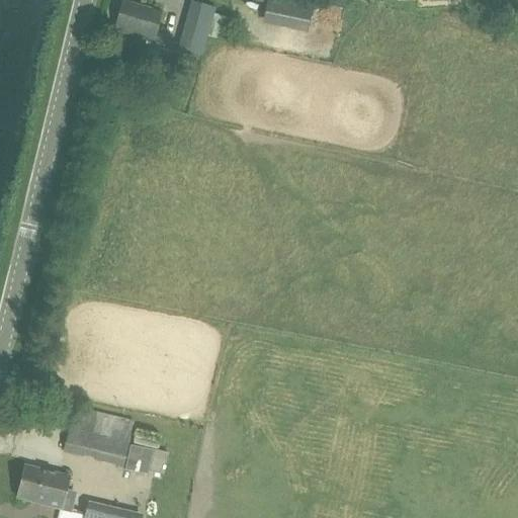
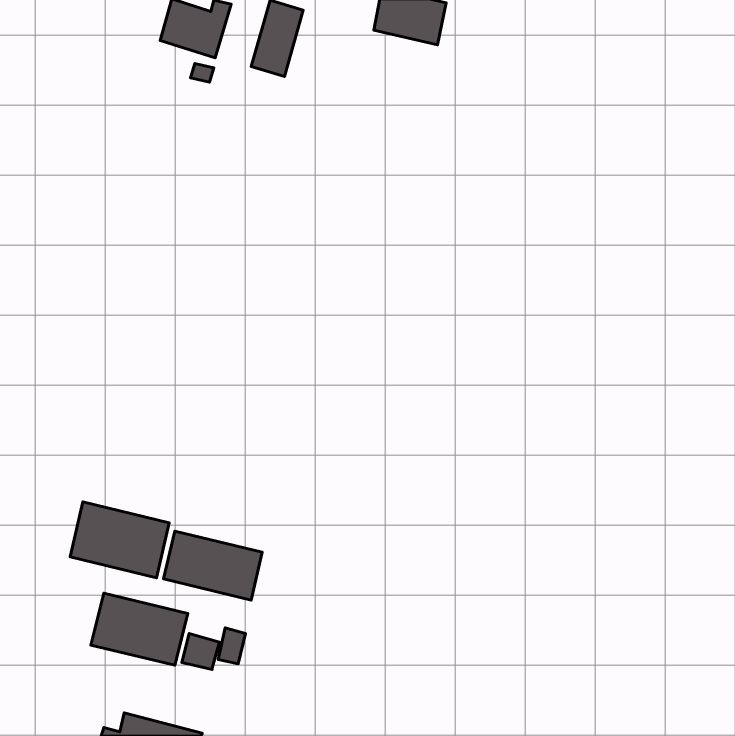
building: none -> [70,502,169,578]
building: none -> [164,531,262,600]
building: [19,464,72,509] -> none

